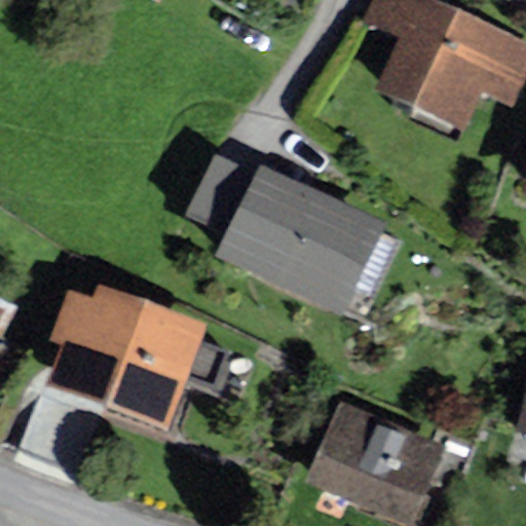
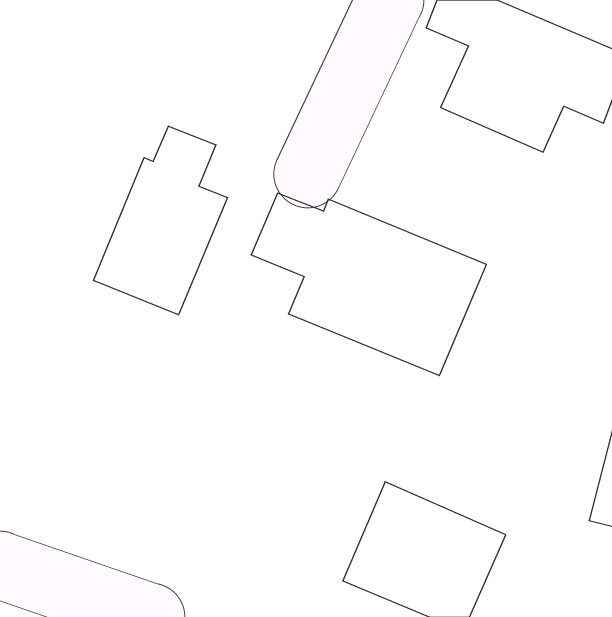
building: none -> [93,126,227,315]
building: [49,284,211,428] -> none

